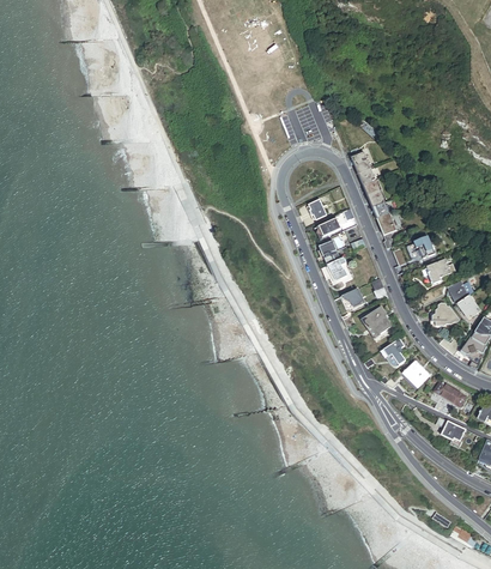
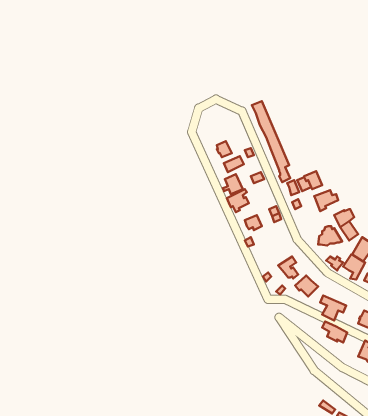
building: [362,305,393,339] -> none

